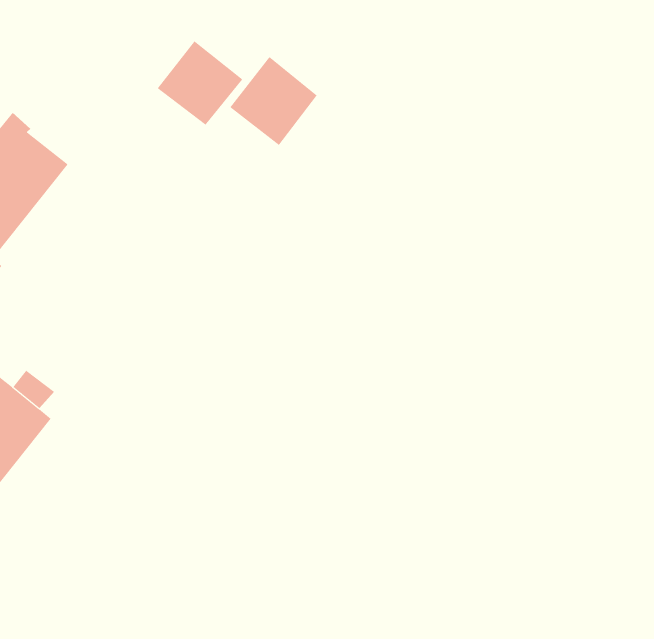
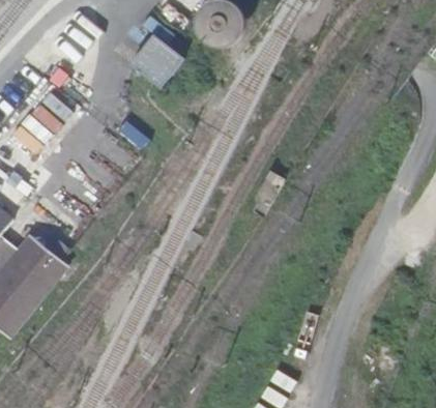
building: [229,56,317,146] -> none

